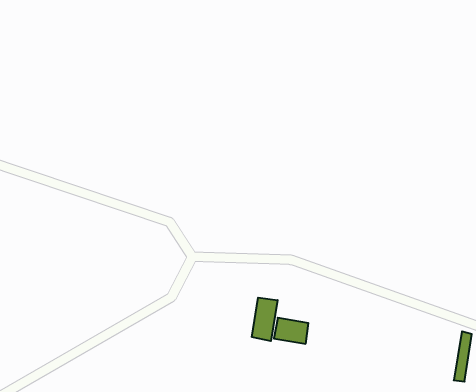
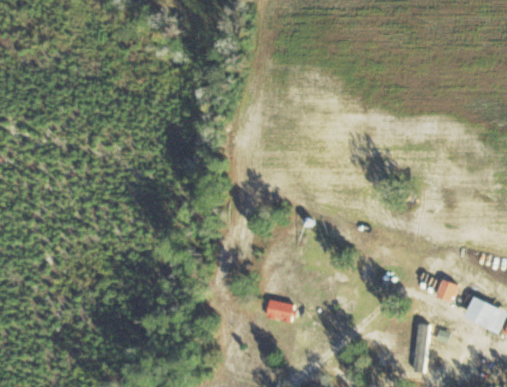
building: [252,298,278,341] -> none

